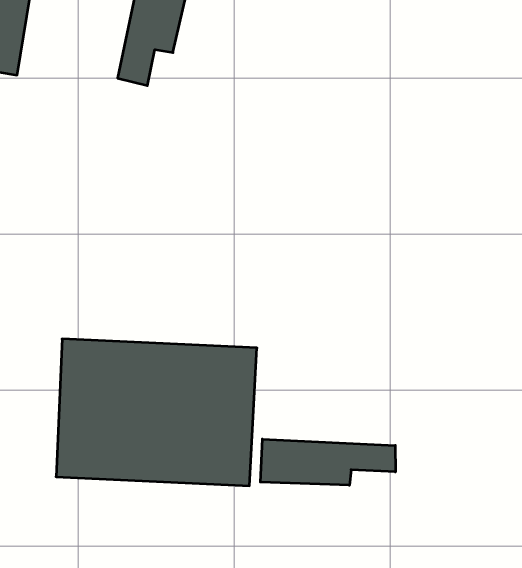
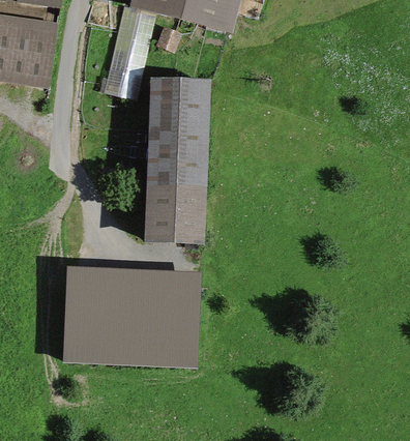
building: none -> [142,75,208,238]
building: [260,439,395,485] -> none

